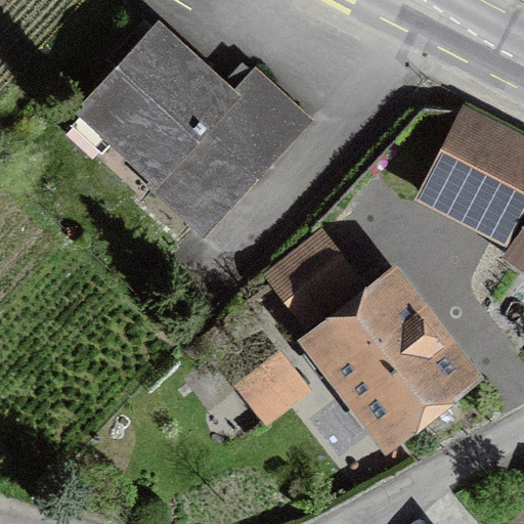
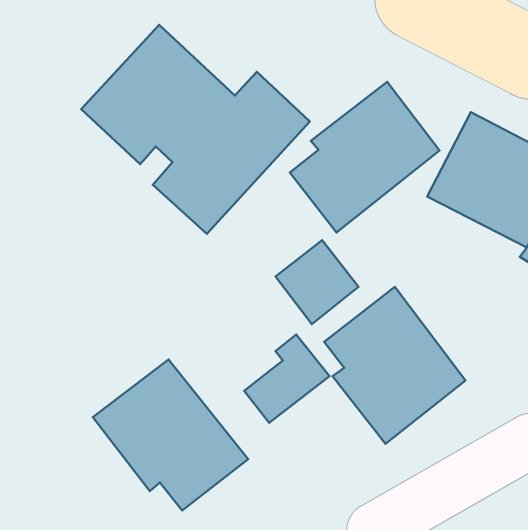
building: none -> [290,82,440,233]
building: none -> [93,359,248,510]

